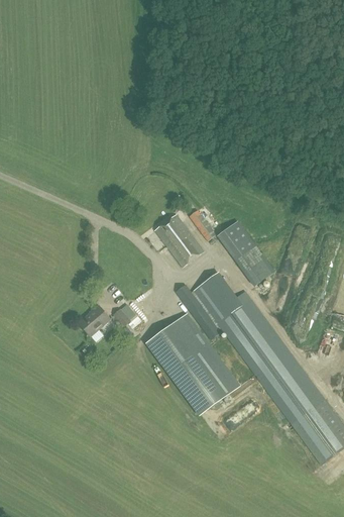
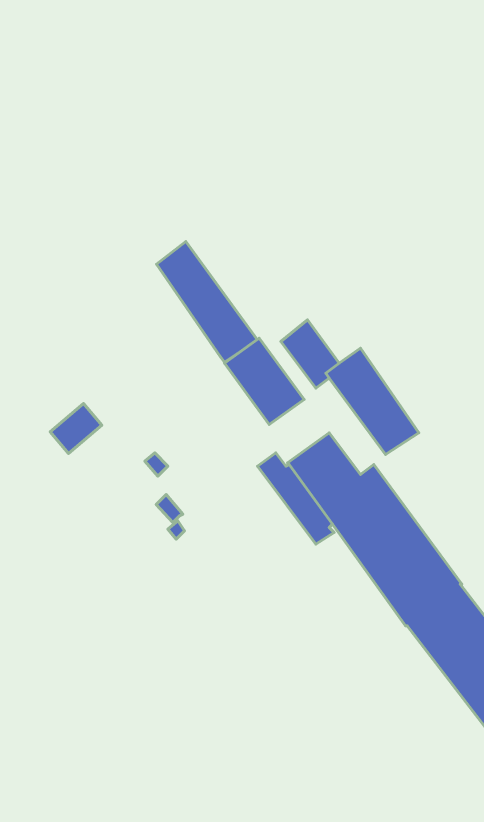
building: none -> [157,241,257,362]
building: [78,306,109,336] -> [50,404,102,453]
building: [146,315,236,414] -> none

